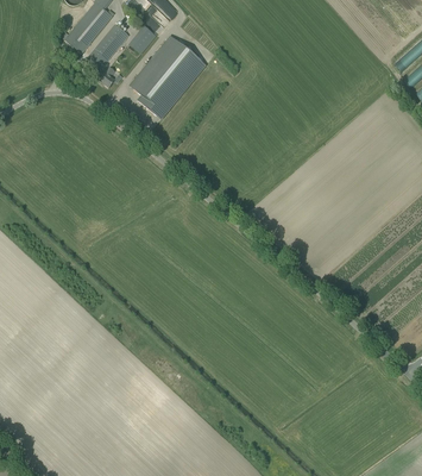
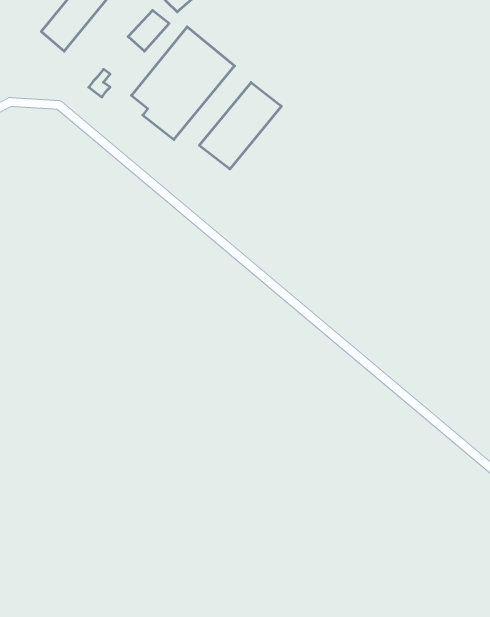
building: [88,24,130,69] -> none
building: none -> [199,82,281,169]

